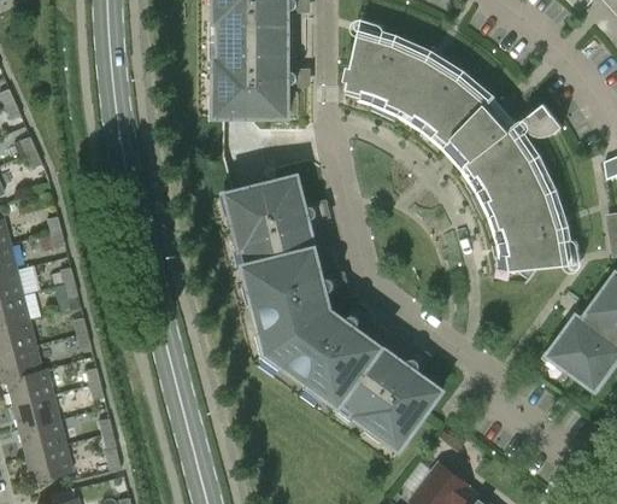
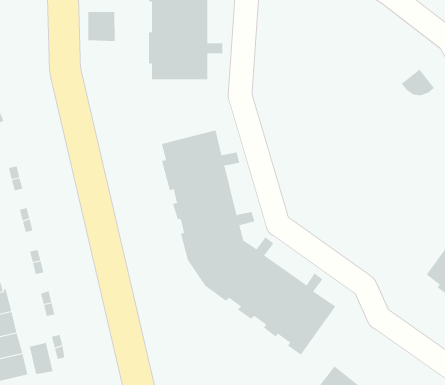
building: [345,31,568,279] -> none
building: none -> [88,11,115,42]
building: none -> [29,342,53,375]

